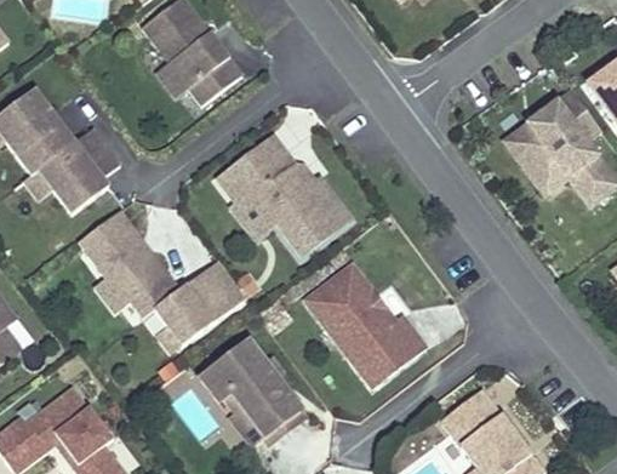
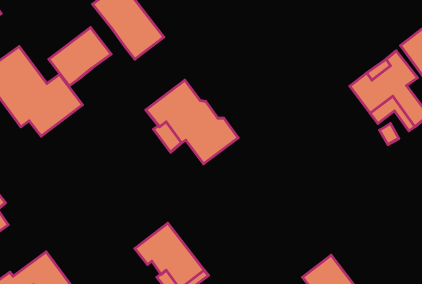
building: none -> [49,27,111,86]
building: [76,210,245,344] -> none
building: [303,263,424,387] -> none

